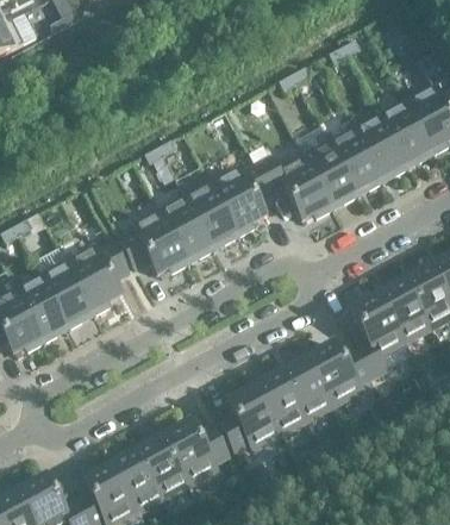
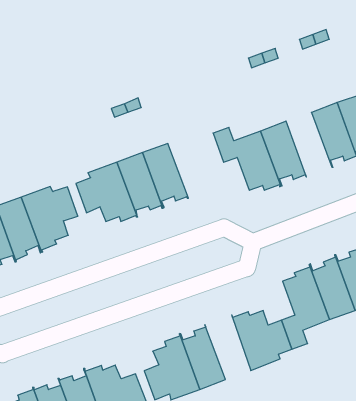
building: [330,129,385,196] -> none
building: [211,165,271,237] -> none
building: [277,351,332,419] -> none

